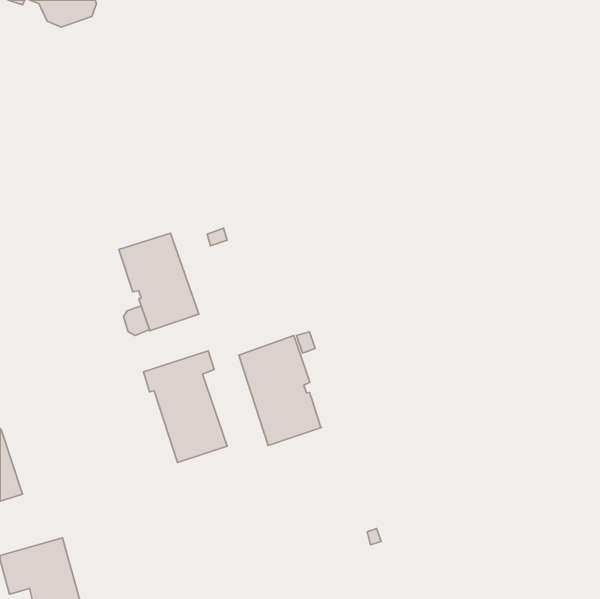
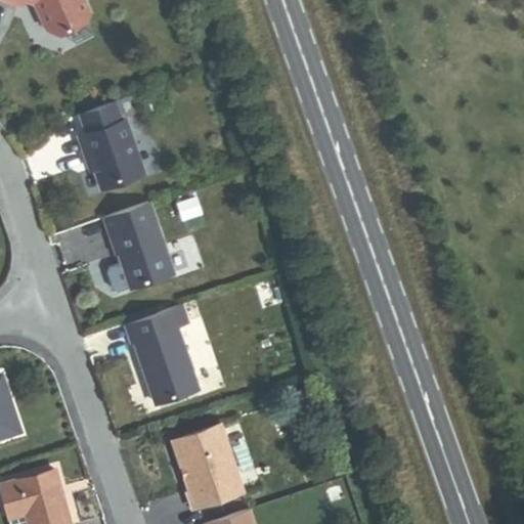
building: none -> [79,100,144,189]
building: [239,336,321,446] -> none
building: none -> [174,427,243,509]

